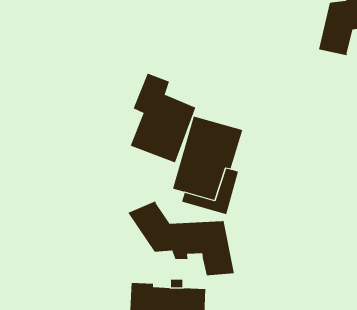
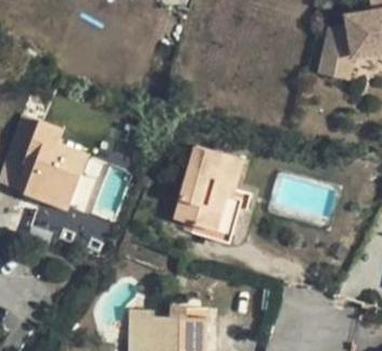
building: [130,73,196,163] -> [21,118,87,209]
building: [127,201,234,276] -> none

